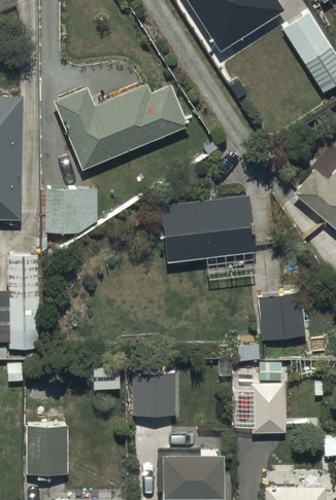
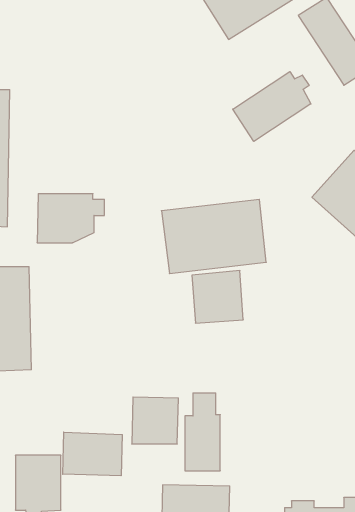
building: none -> [233,72,311,141]
building: [54,84,188,170] -> none
building: [258,293,304,341] -> [192,271,243,323]
building: [253,362,284,432] -> [185,393,220,471]
building: none -> [63,432,122,476]

